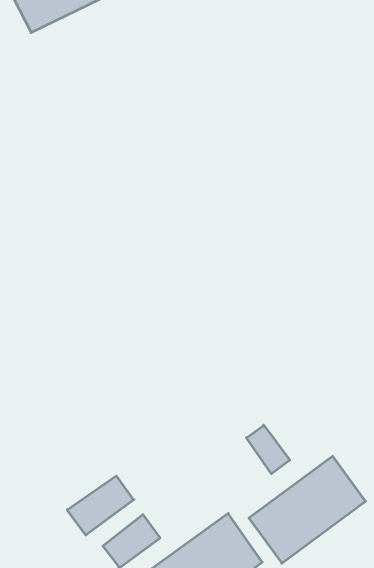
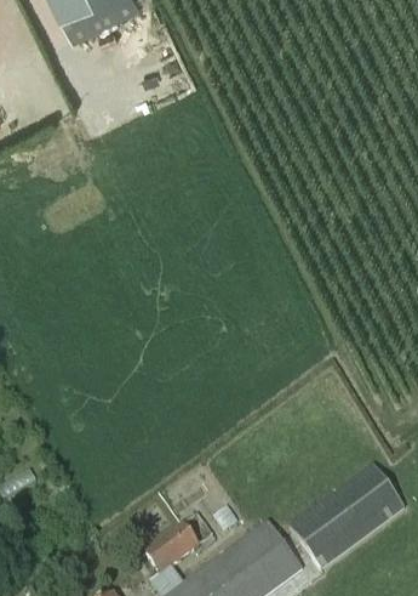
building: [246,425,290,474] -> none
building: [67,476,134,535] -> none

